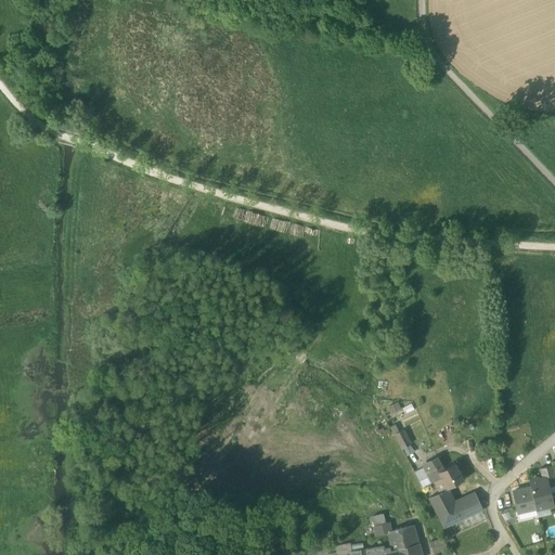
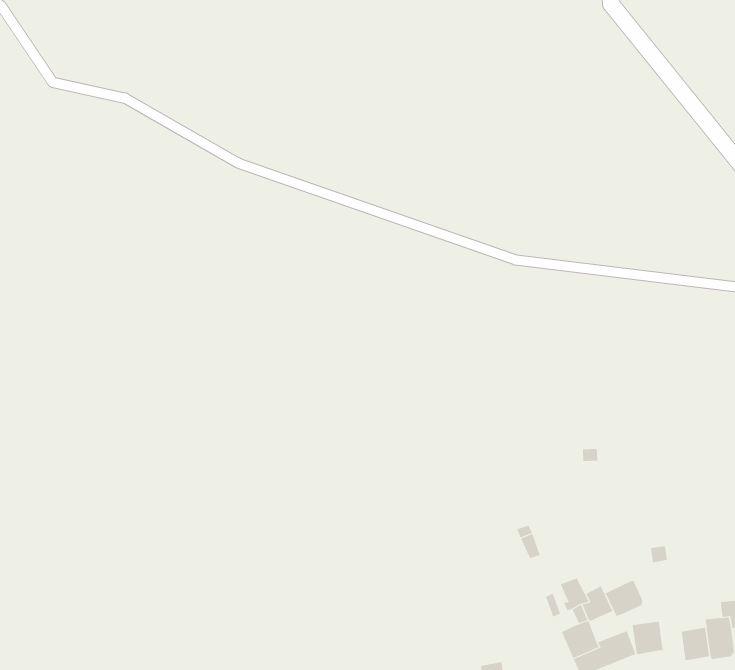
building: none -> [605,580,643,617]
building: none -> [632,621,663,655]

